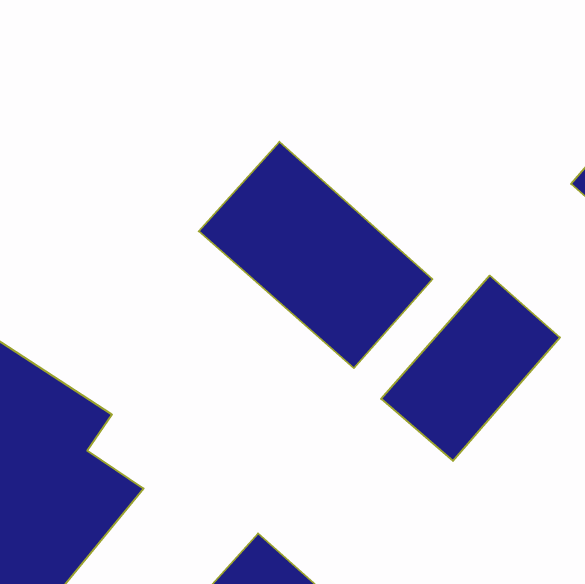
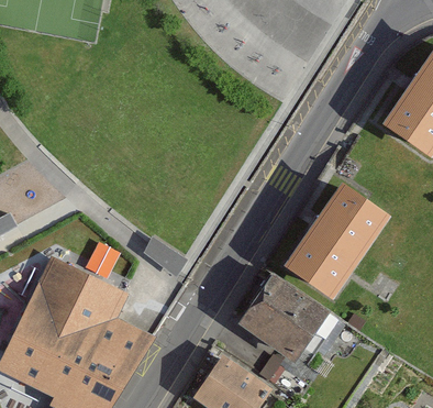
building: [199,142,432,368] -> none
building: none -> [238,274,327,361]

